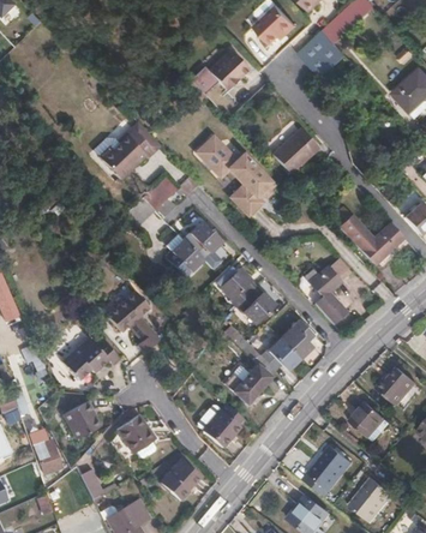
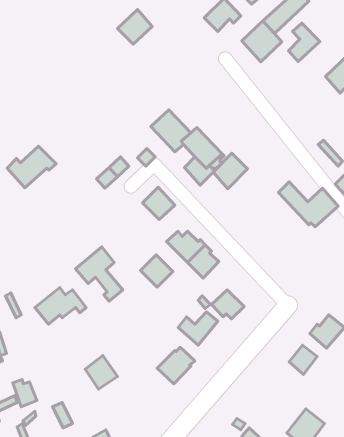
building: none -> [289,23,320,61]
building: [208,50,247,90] -> [118,10,152,44]
building: [101,130,157,178] -> [7,146,56,188]
building: [274,133,313,174] -> [213,153,248,189]
building: [166,239,203,276] -> [141,255,173,287]
building: [308,263,344,324] -> none
building: [281,321,311,358] -> none
building: [62,401,101,439] -> none
building: [304,444,353,496] -> none
building: [162,459,200,501] -> none

